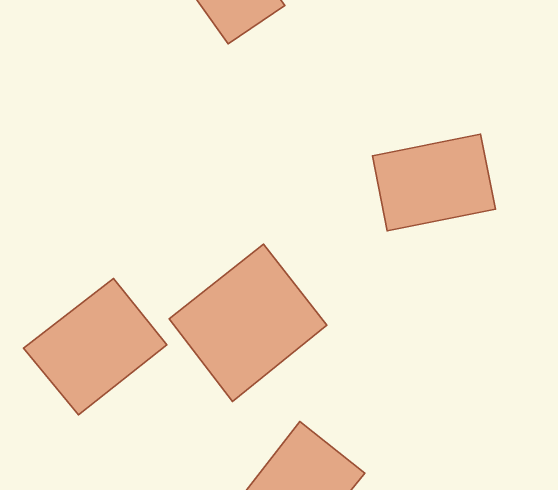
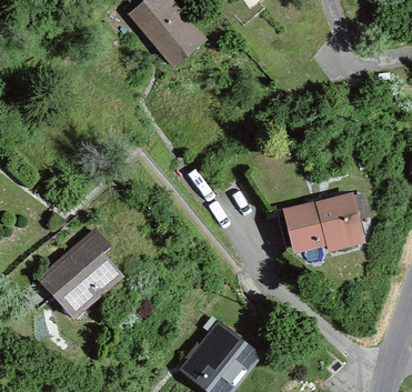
building: [372,134,496,231] -> [278,192,360,257]
building: [169,244,327,402] -> none

